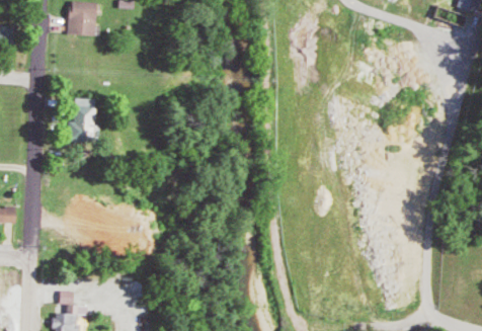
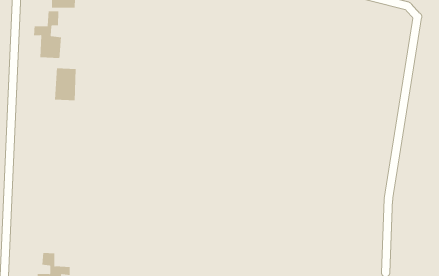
building: none -> [33,11,62,59]

